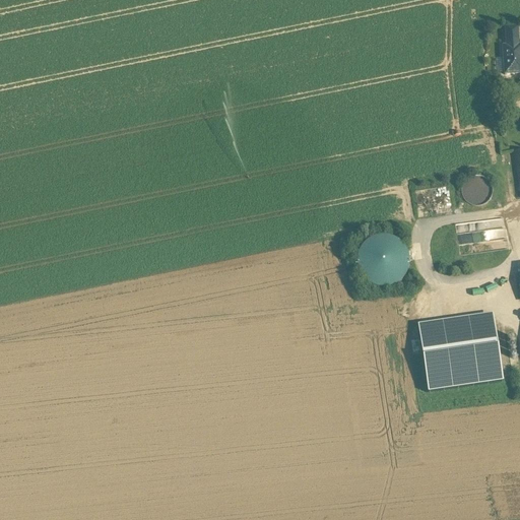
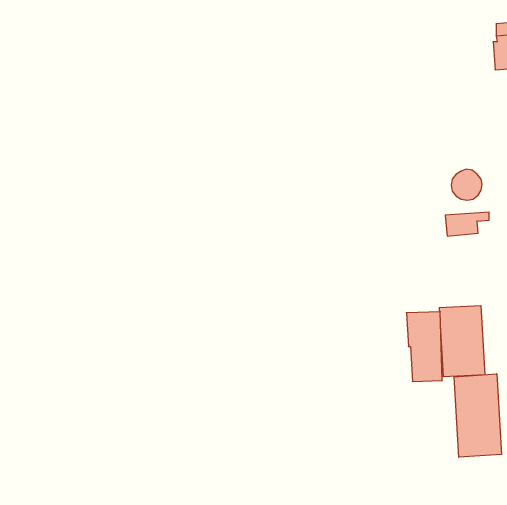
building: [360,233,412,285] -> none
building: none -> [454,374,501,457]

